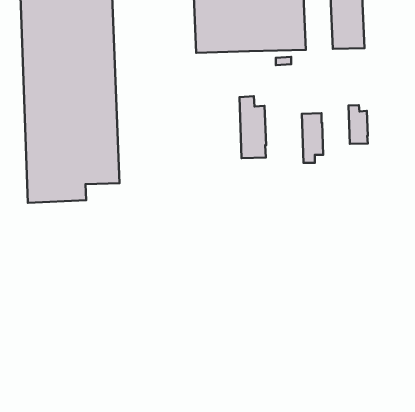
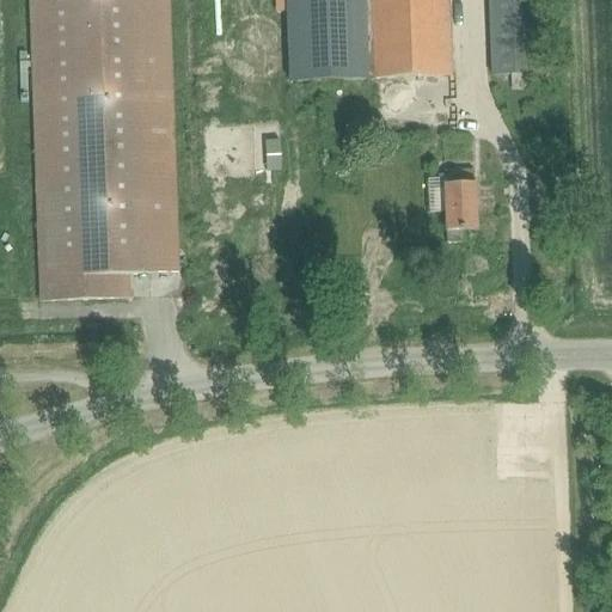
building: [240,96,266,158] -> none
building: [349,105,368,144] -> none

